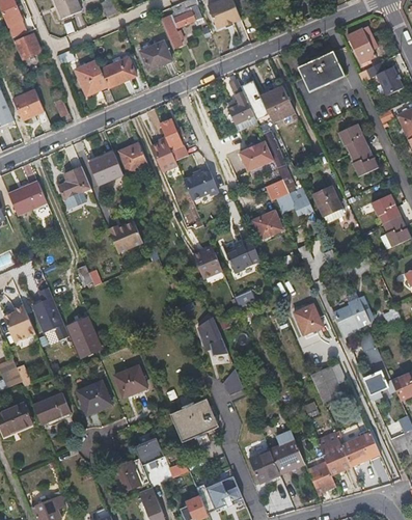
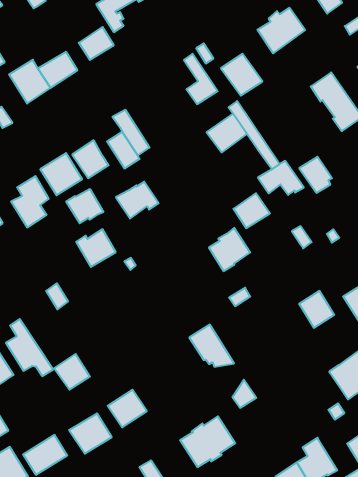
building: [183,169,219,199] -> [116,182,159,219]
building: none -> [66,189,103,223]
building: [193,244,221,276] -> none

